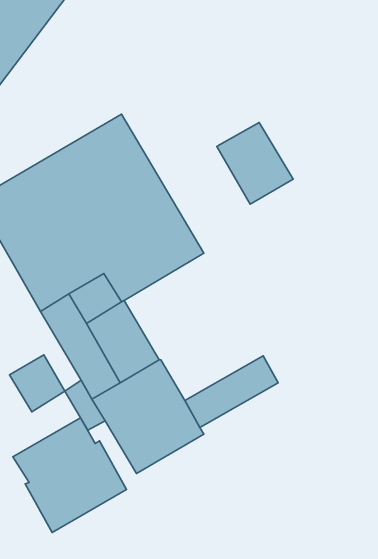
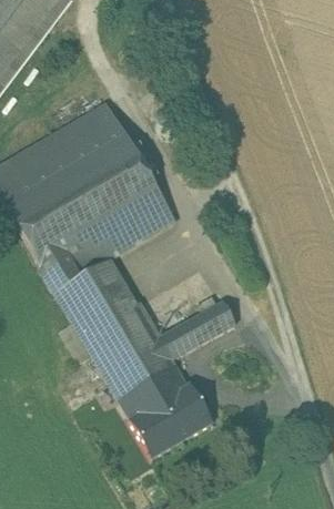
building: [217,123,293,204] -> none
building: [10,355,65,412] -> none
building: [13,418,126,533] -> [120,364,213,458]

